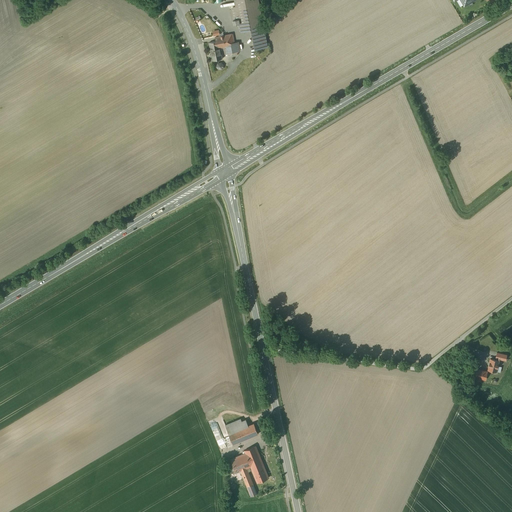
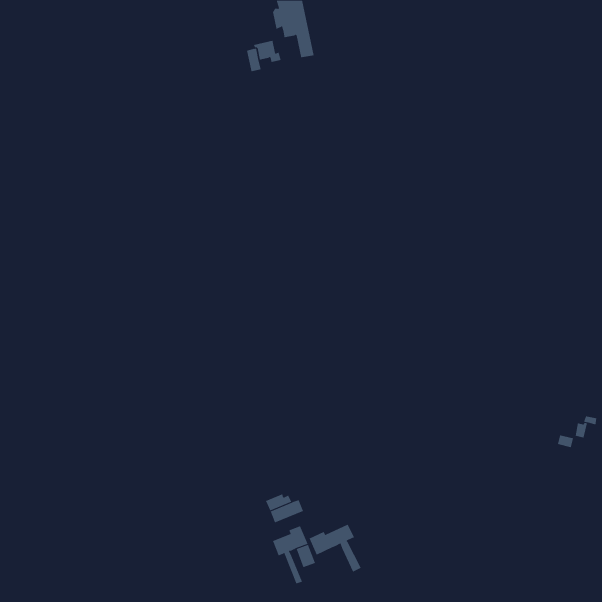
building: none -> [309,524,361,572]

